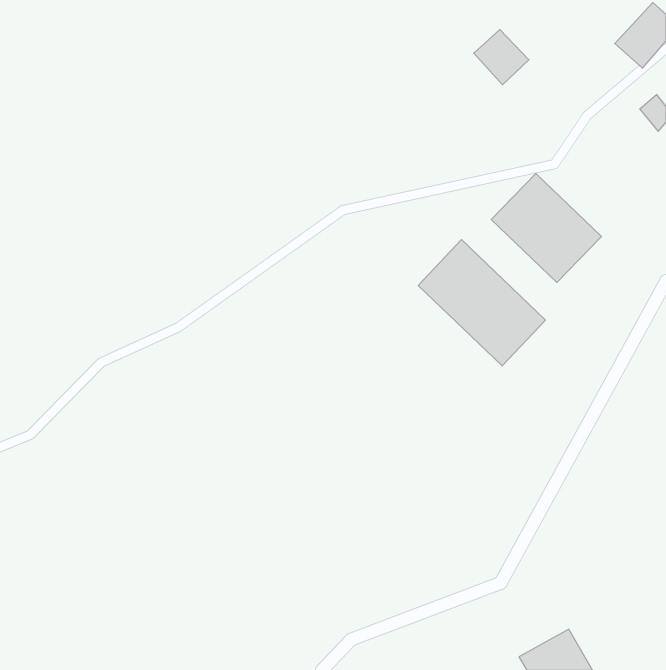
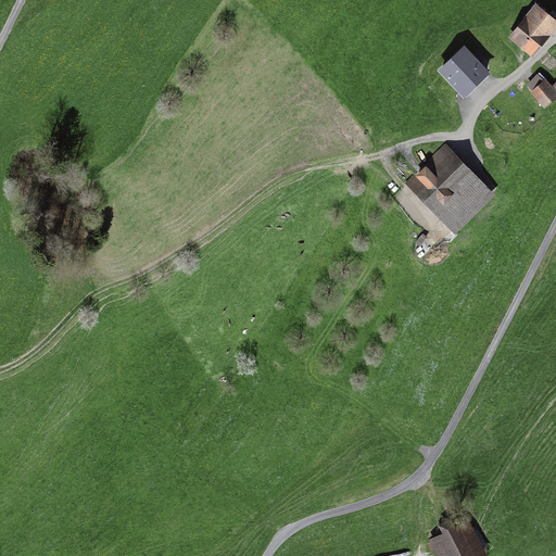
building: [474,30,529,85] -> [438,50,483,96]
building: [418,240,545,366] -> none

